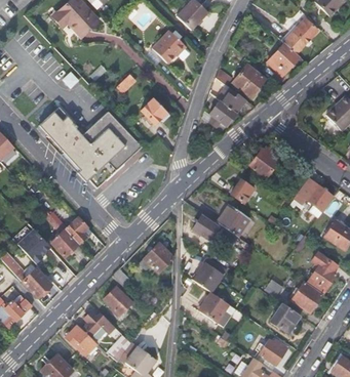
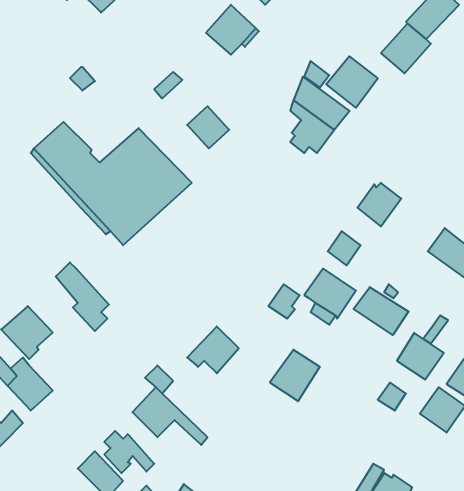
building: [37,203,86,259] -> none
building: none -> [354,287,409,335]
building: [199,292,230,322] -> none
building: [271,302,302,333] -> [397,333,444,380]

